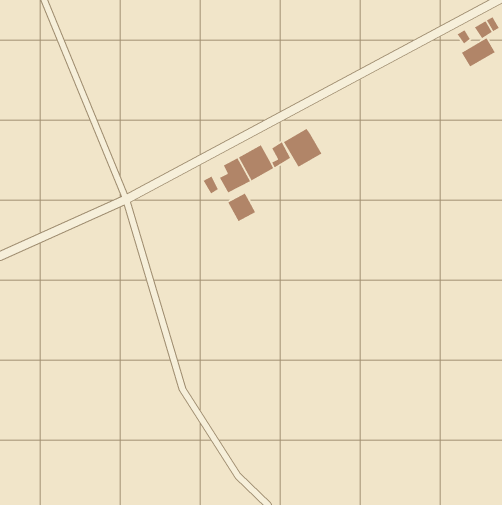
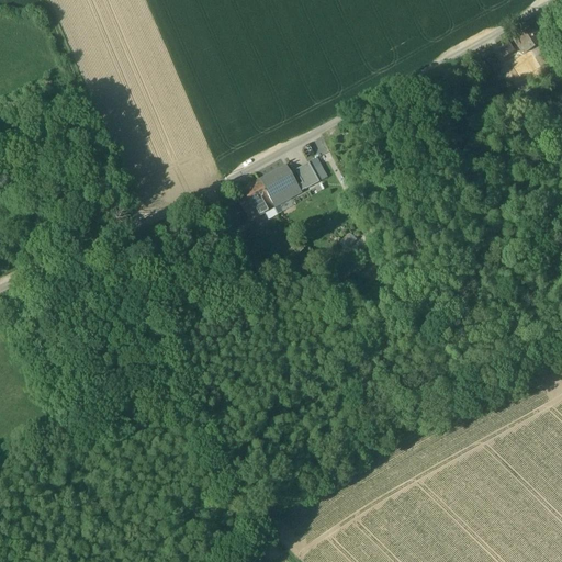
building: [283,128,323,168] -> none
building: [227,192,256,222] -> none

